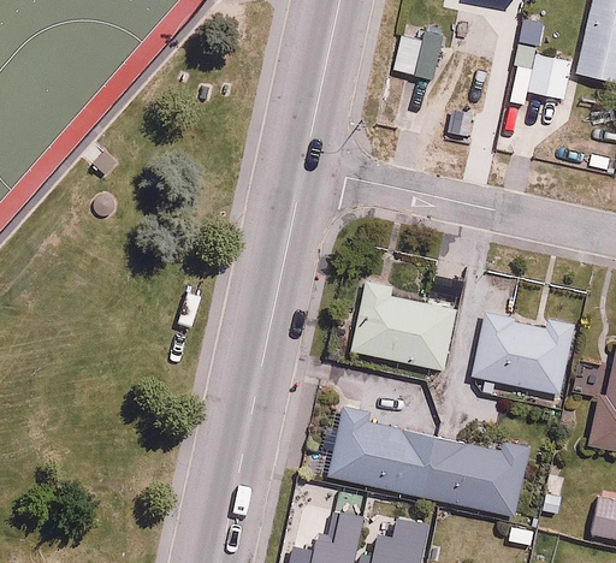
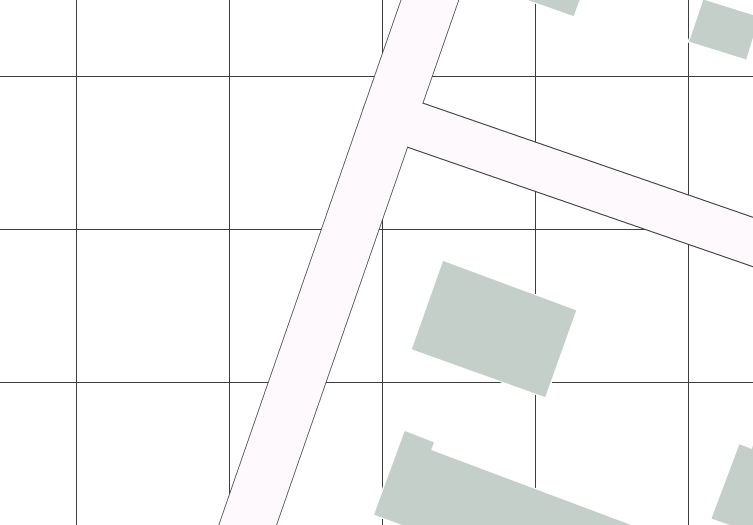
building: [470,304,580,397] -> none

